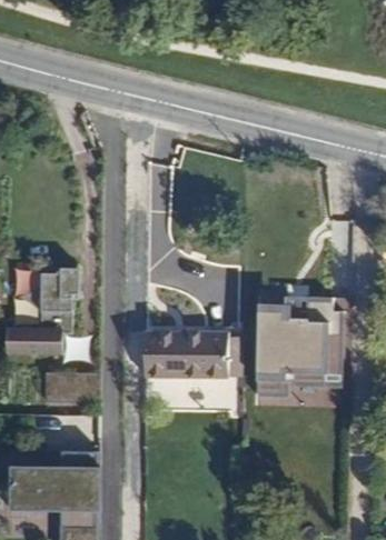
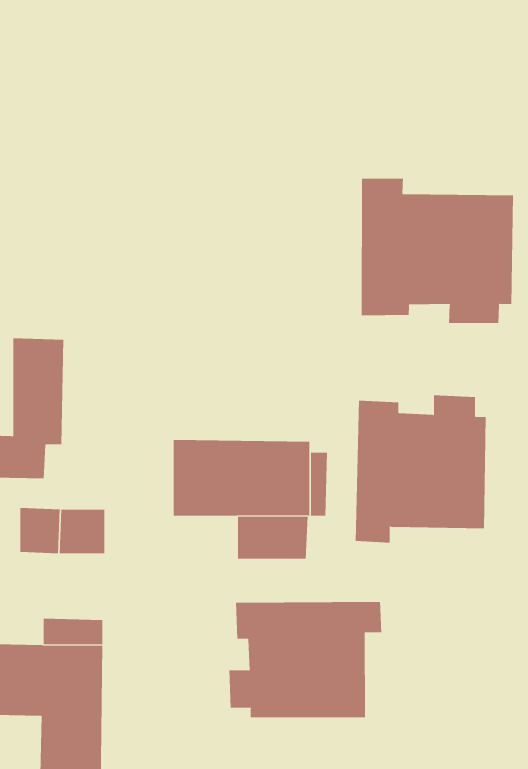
building: none -> [361,178,514,324]
building: none -> [229,601,382,718]

